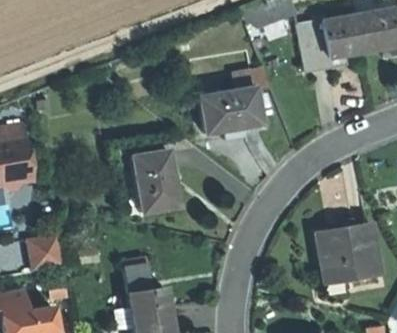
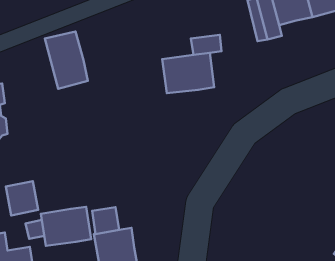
building: [133,146,181,210] -> [45,31,88,89]
building: [318,226,383,285] -> none
building: none -> [41,207,91,246]

